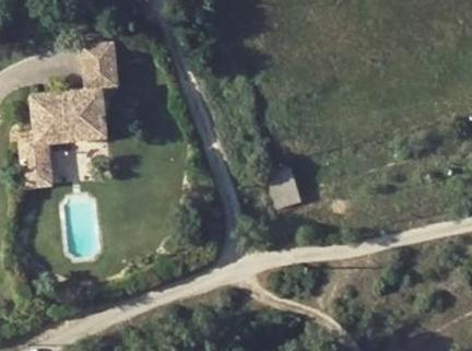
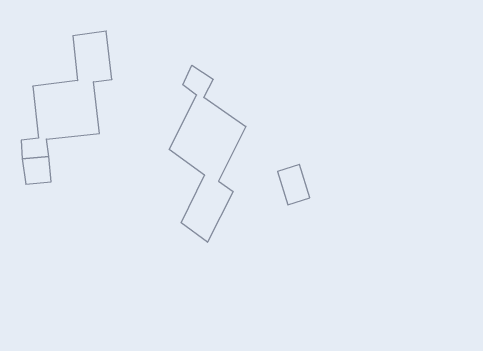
building: none -> [169,65,246,242]

